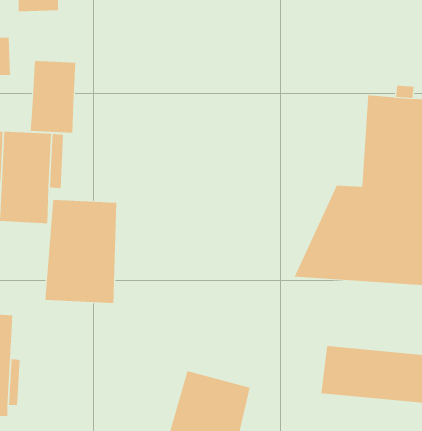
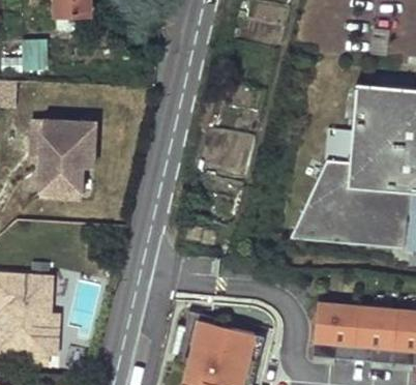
building: [30,60,76,133] -> none
building: [45,199,117,304] -> none

